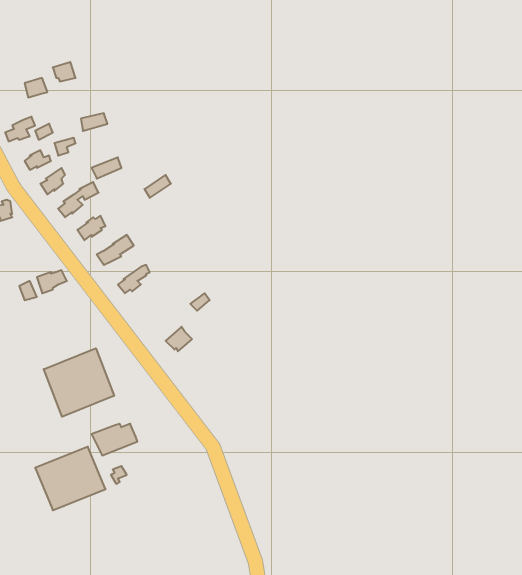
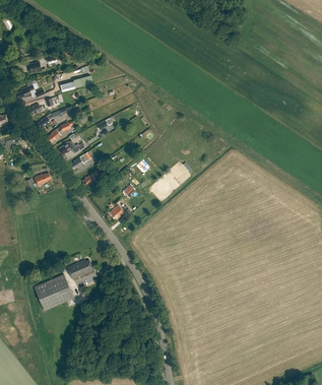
building: [44,348,114,417] -> none

